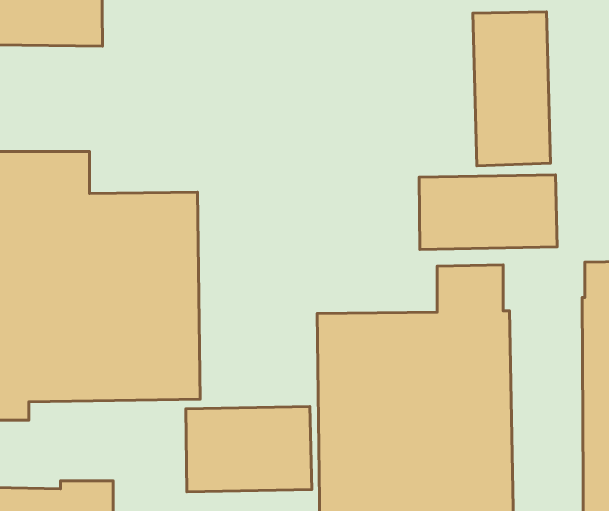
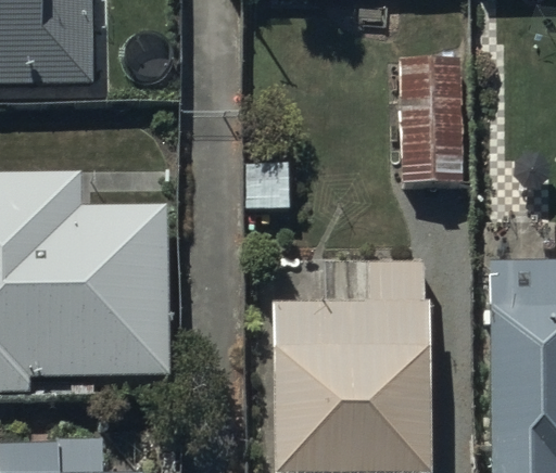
building: [419,175,557,249] -> none
building: [186,407,312,492] -> none

